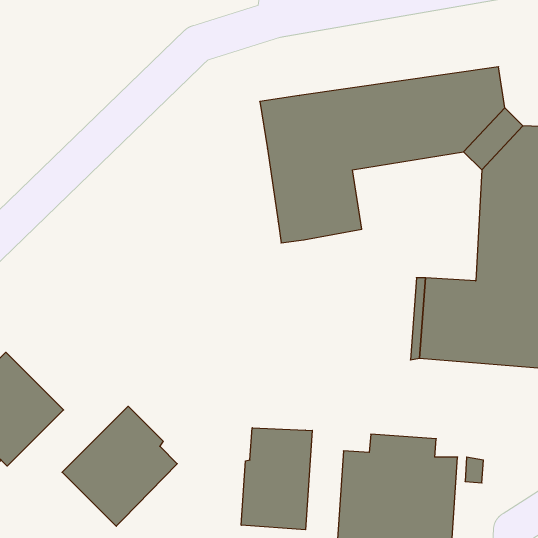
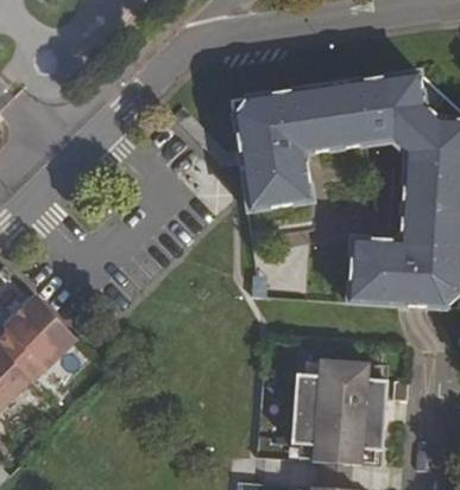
building: [62,406,177,526] -> none
building: [241,428,312,530] -> none

